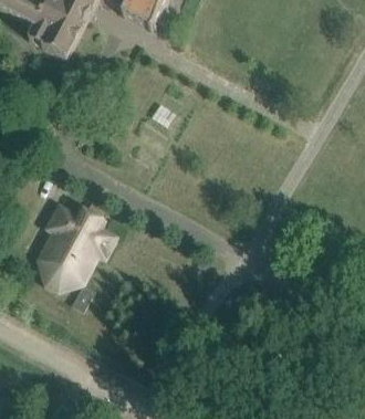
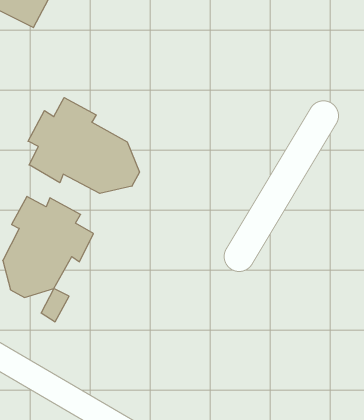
building: none -> [28,98,139,193]

